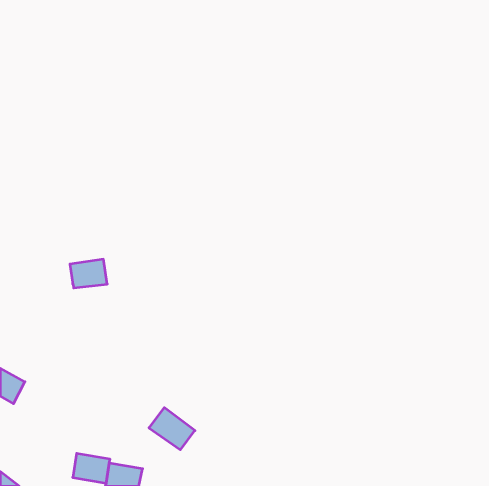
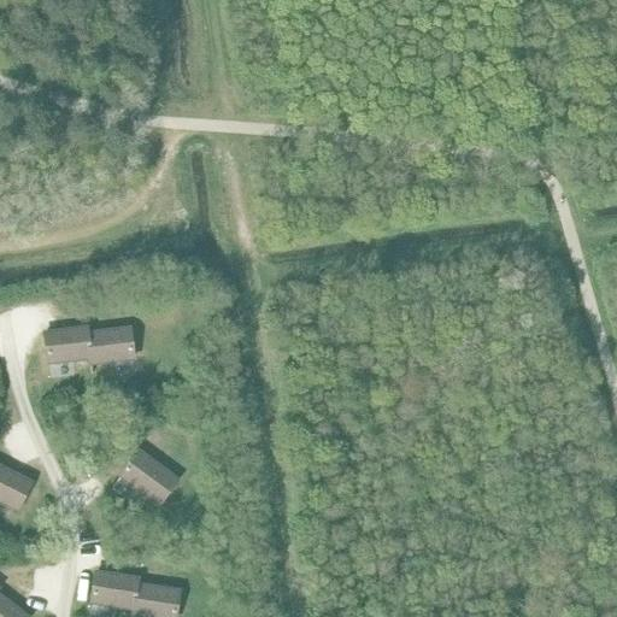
building: none -> [46,327,92,364]
building: [149,408,195,450] -> [121,451,178,504]

